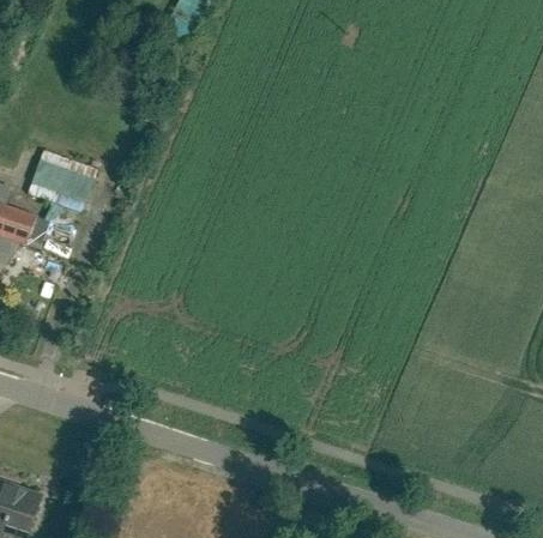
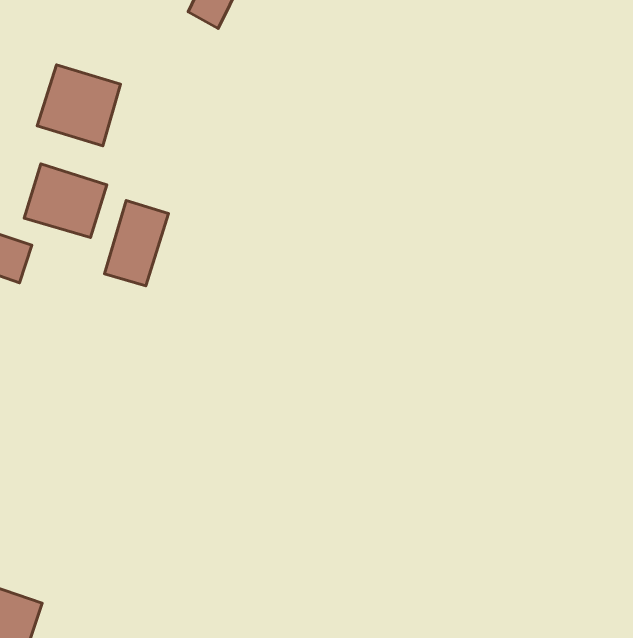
building: none -> [37,65,121,146]
building: none -> [104,201,169,286]

